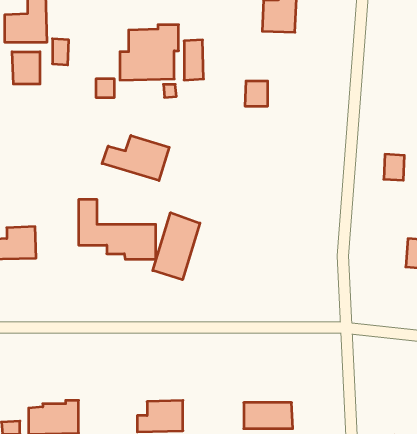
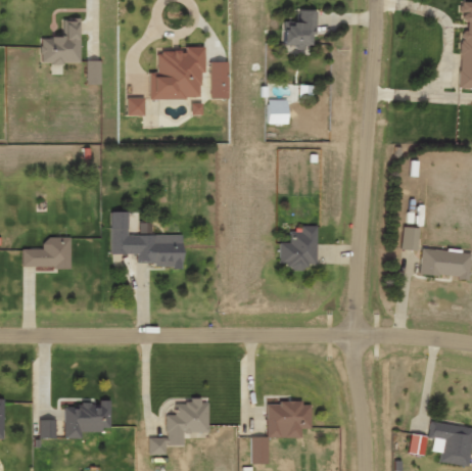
building: [12,52,40,84] -> none
building: [102,135,169,181] -> none
building: [384,154,404,180] -> [402,227,421,251]
building: [153,213,200,280] -> none
building: none -> [280,226,318,269]

